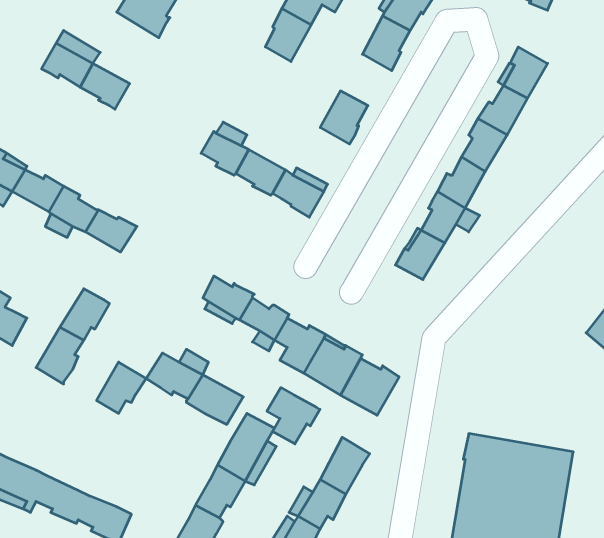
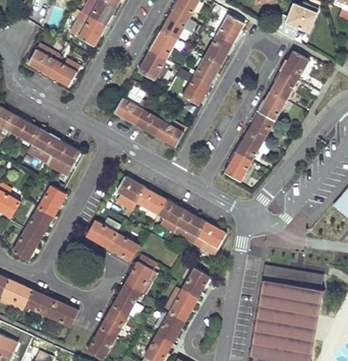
building: none -> [138,52,169,83]
building: none -> [193,56,222,84]
building: [97,362,146,413] -> [12,230,40,258]
building: [267,388,320,444] -> none

